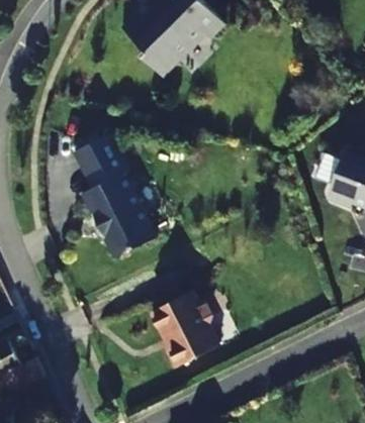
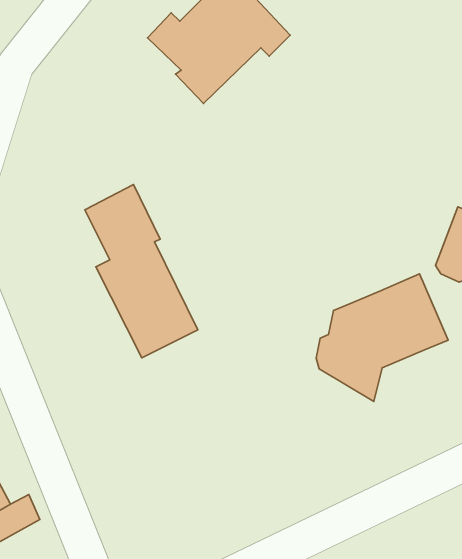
building: none -> [316,274,448,401]
building: [152,293,219,369] -> none

